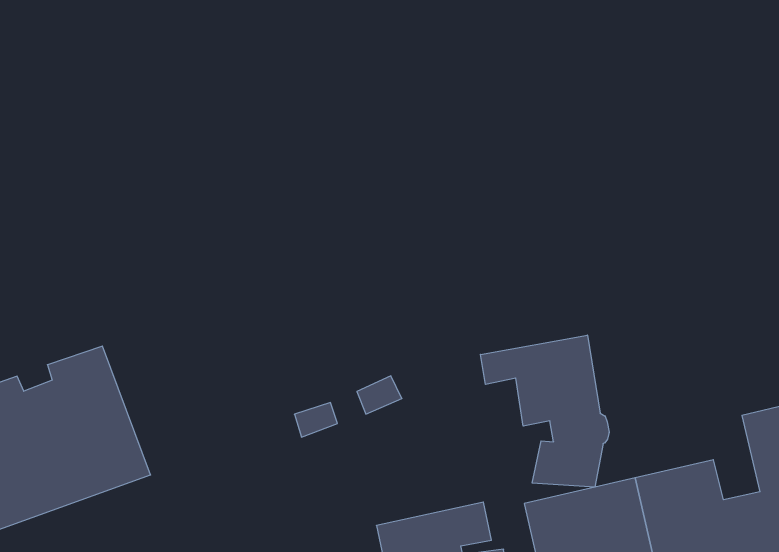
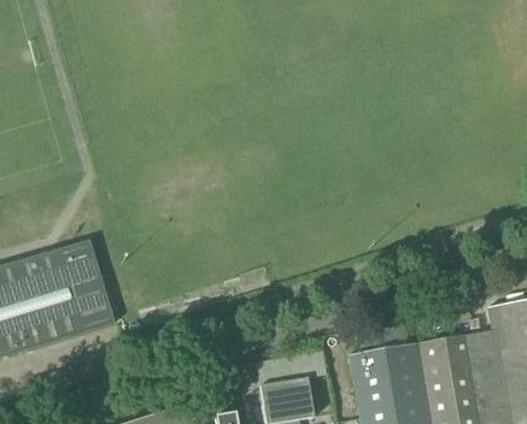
building: [480,335,609,487] -> none

